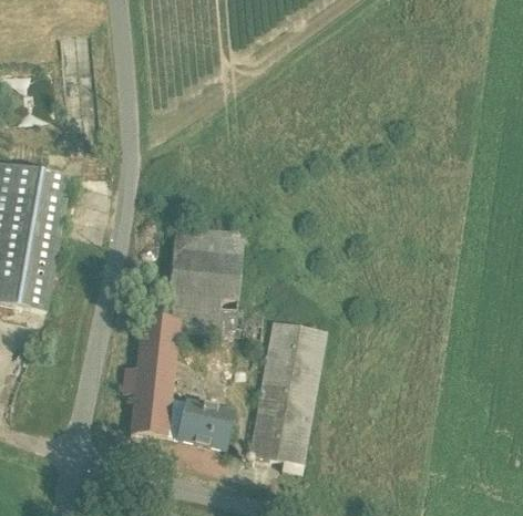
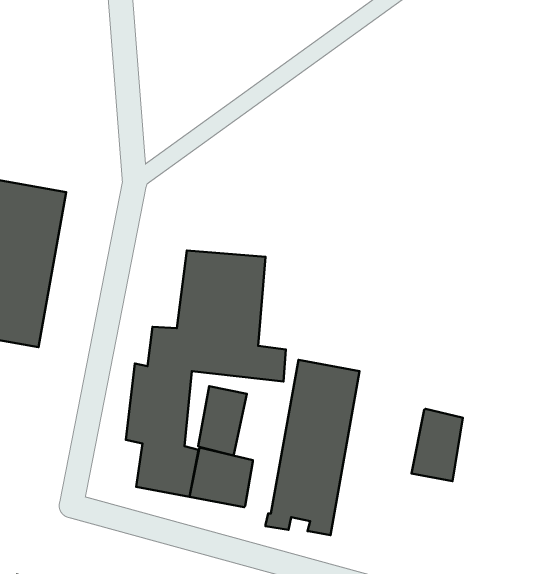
building: none -> [198,386,247,455]
building: none -> [411,409,463,481]

